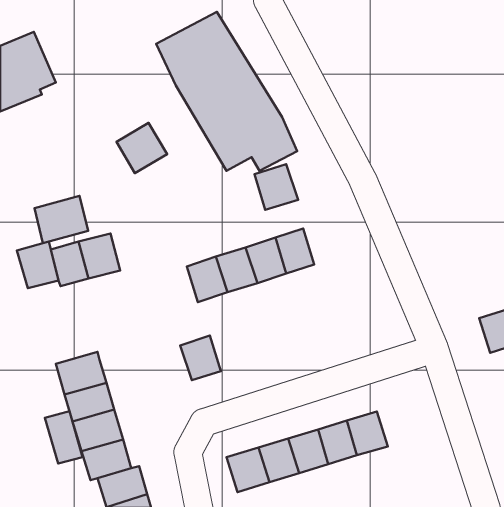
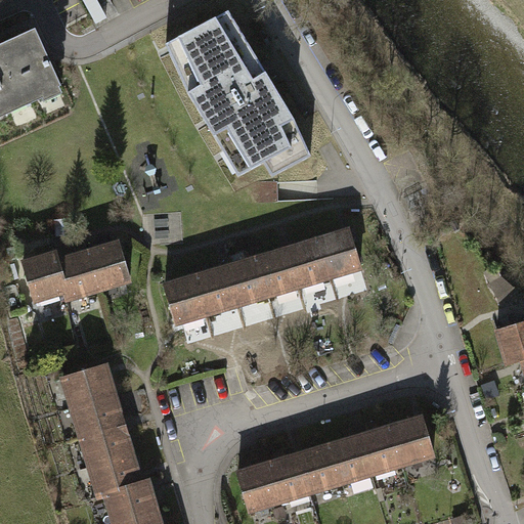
building: [116,123,167,173] -> none
building: [254,164,298,210] -> [316,226,361,273]
building: [34,196,88,243] -> none
building: [180,335,221,380] -> [166,275,208,321]
building: none -> [392,414,435,461]
building: [45,411,83,464] -> none

